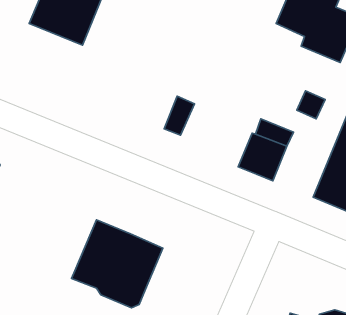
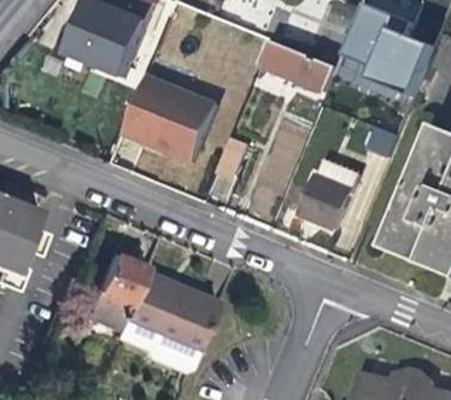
building: none -> [257,37,334,92]
building: none -> [122,71,217,158]
building: none -> [83,251,142,327]

